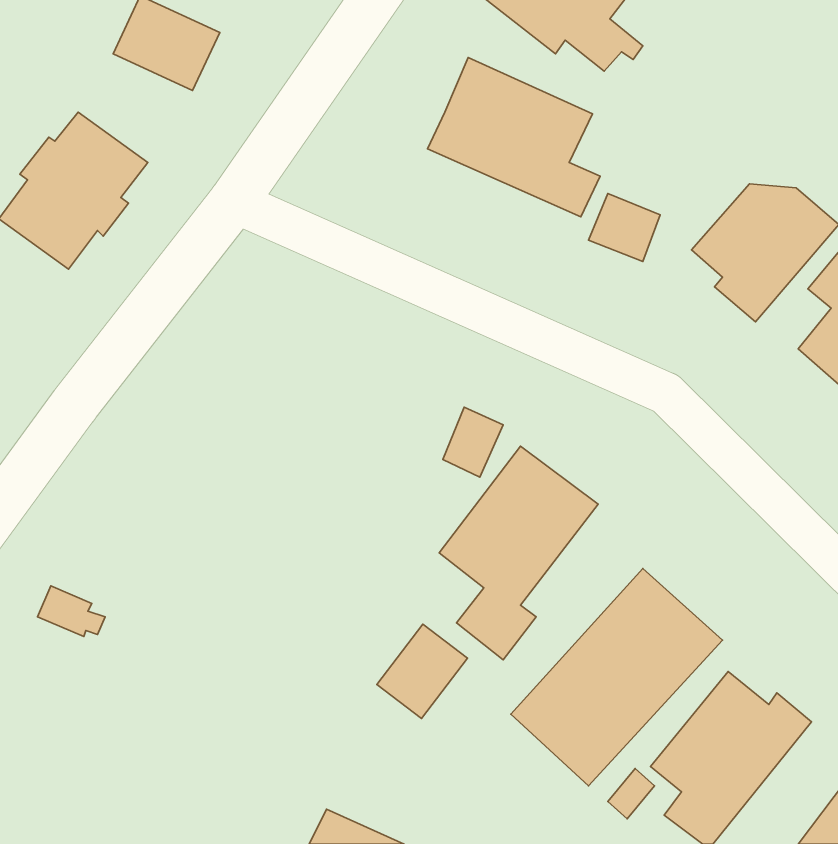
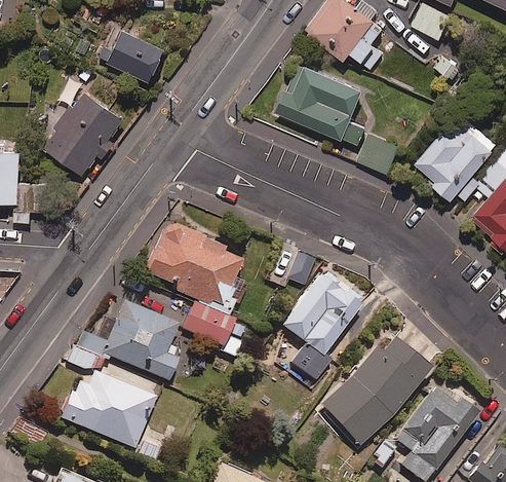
building: none -> [147,221,244,345]
building: none -> [82,301,184,381]
building: [377,624,468,718] -> none
building: none -> [63,371,157,449]

